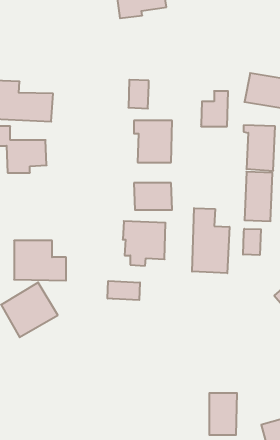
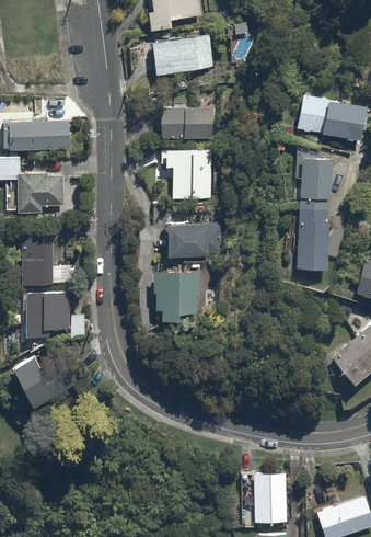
building: none -> [151,35,212,76]
building: [201,91,228,126] -> [183,98,215,139]
building: none -> [21,232,76,285]
building: [192,208,229,273] -> none
building: [243,229,261,255] -> none
building: [108,281,140,300] -> none

